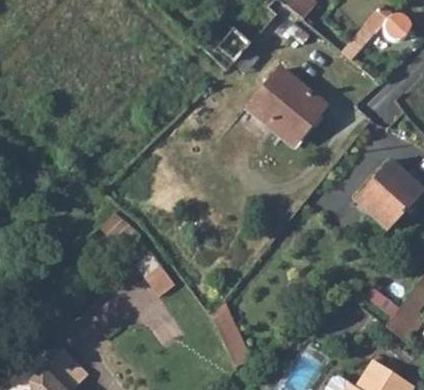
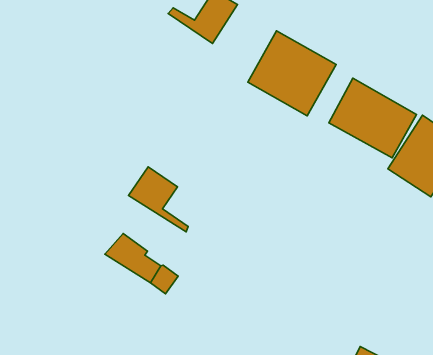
building: none -> [329,78,417,158]
building: none -> [128,167,188,232]

